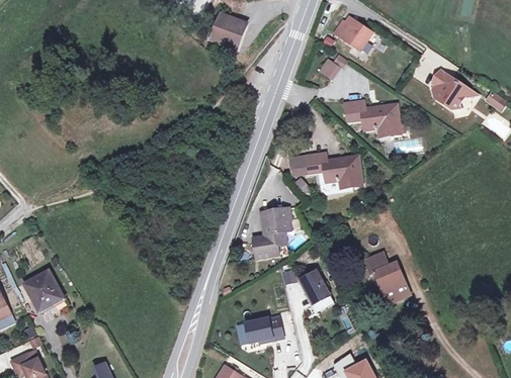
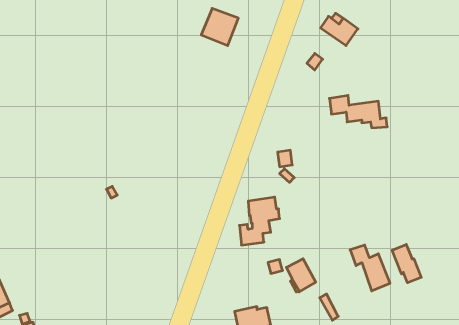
building: [433,71,471,109] -> none
building: [308,155,361,187] -> none
building: none -> [392,244,421,283]
building: [25,271,65,311] -> none

